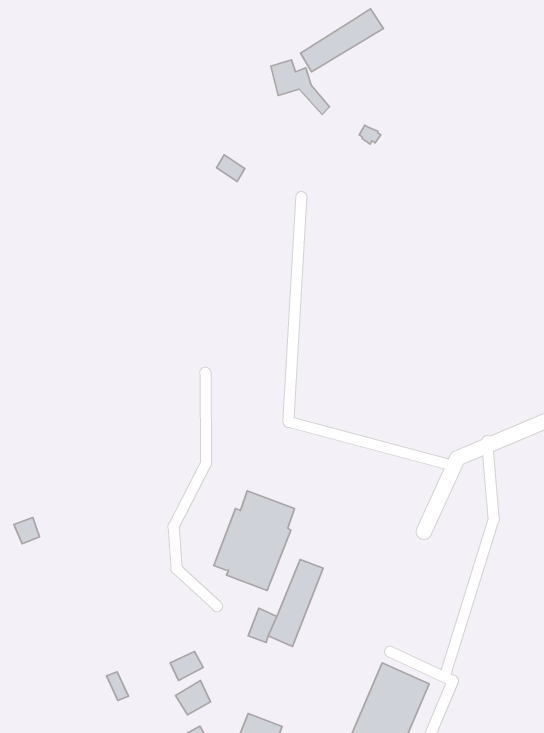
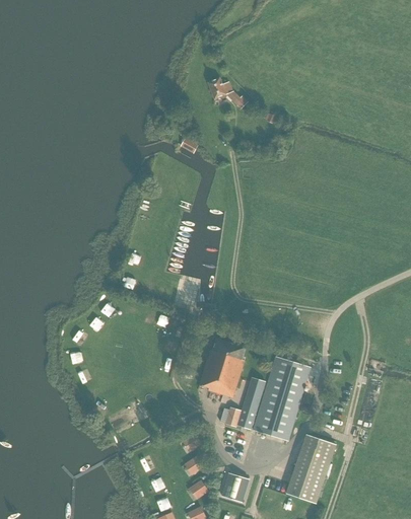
building: [300,9,384,72] -> none
building: none -> [253,356,310,440]

